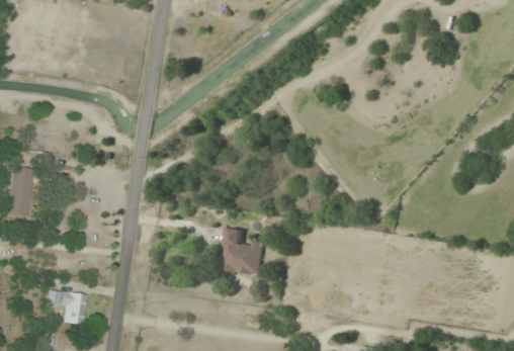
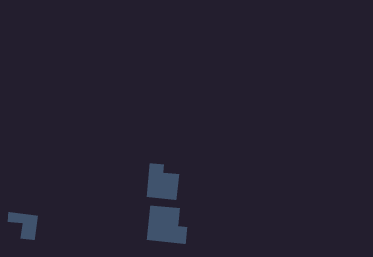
building: none -> [146,205,188,245]

